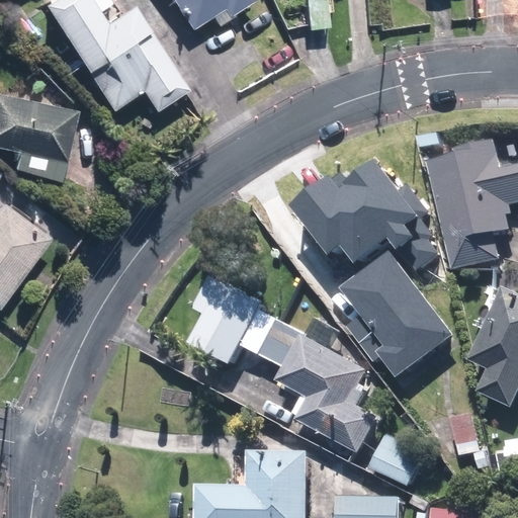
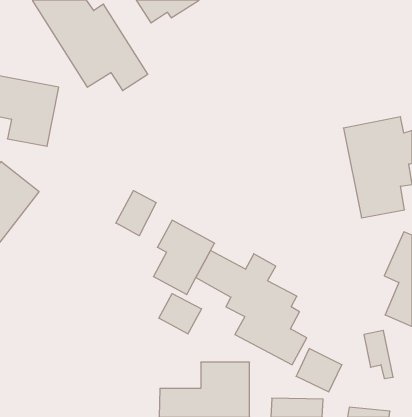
building: [292,160,434,267] -> none
building: none -> [116,191,156,236]
building: [337,250,452,378] -> none
building: none -> [159,294,202,334]

